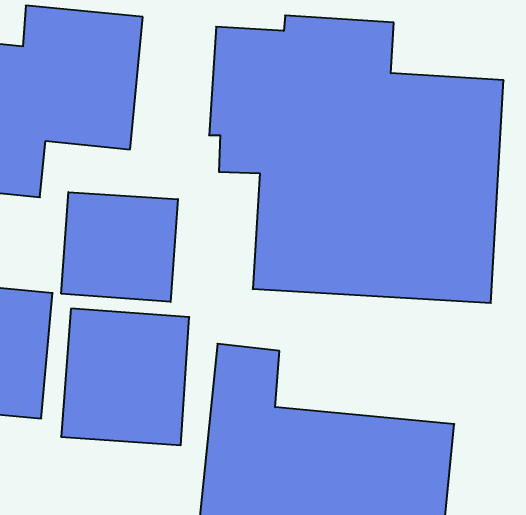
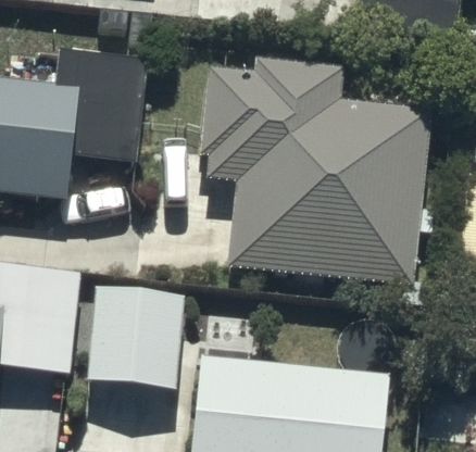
building: [61,192,178,302] -> none

